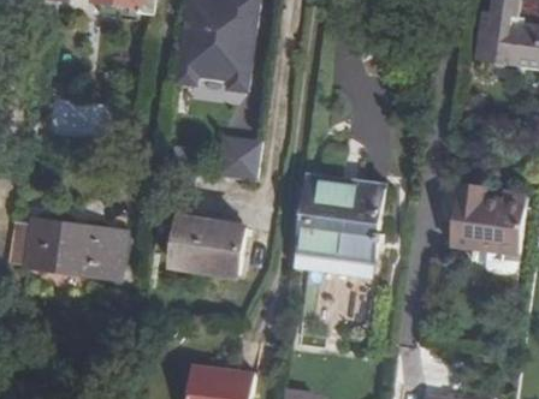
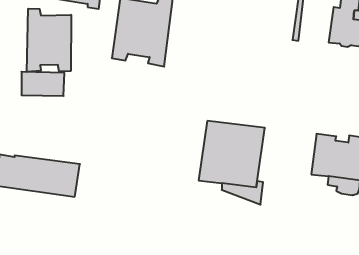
building: none -> [27,9,71,72]
building: [217,136,260,179] -> none
building: [173,216,245,275] -> none

